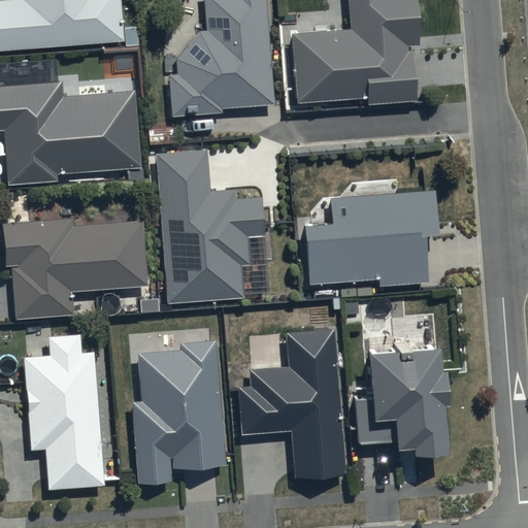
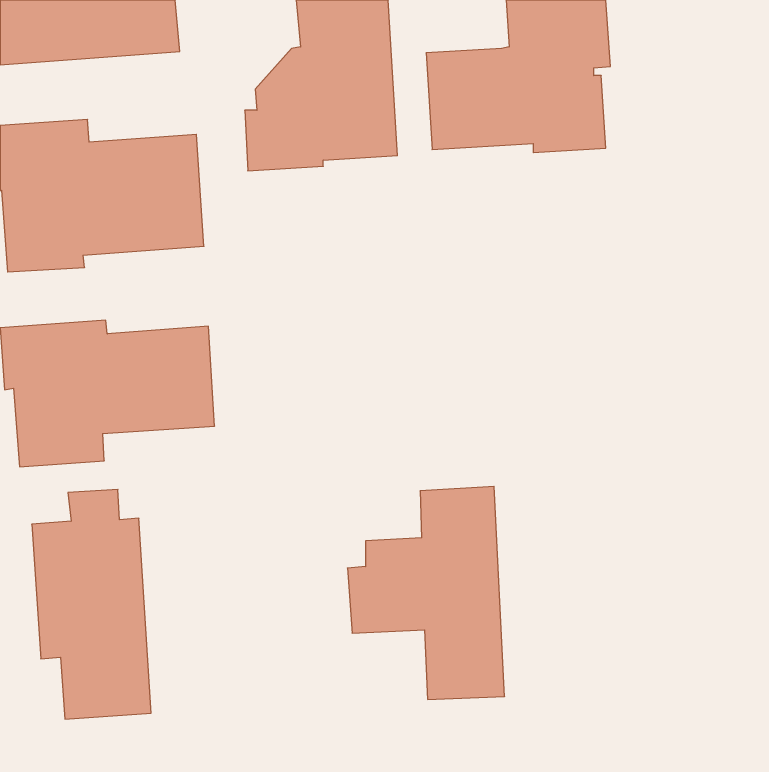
building: [156,152,264,302] -> none
building: [303,193,438,286] -> none
building: [131,343,222,483] -> none
building: [366,350,448,457] -> none

